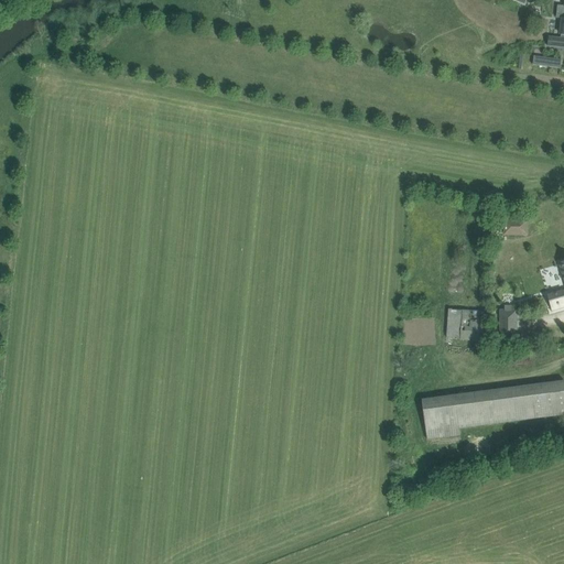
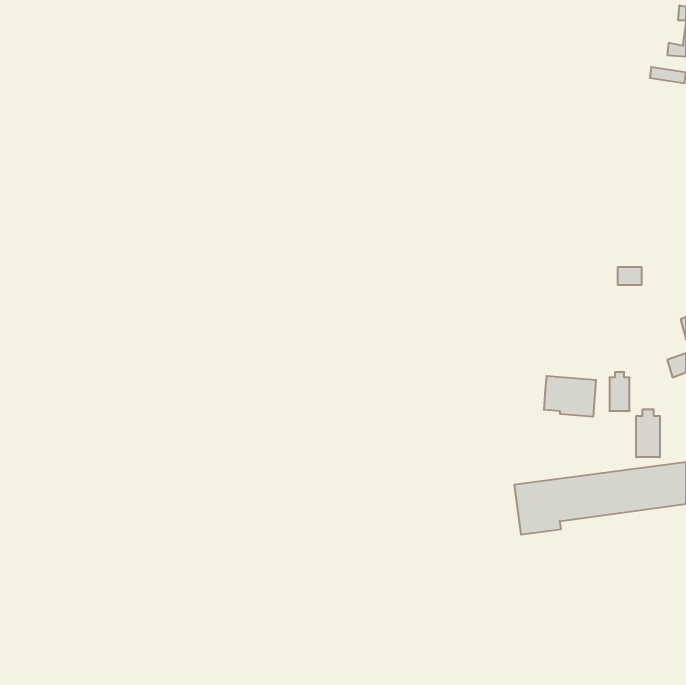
building: none -> [636,409,660,457]

